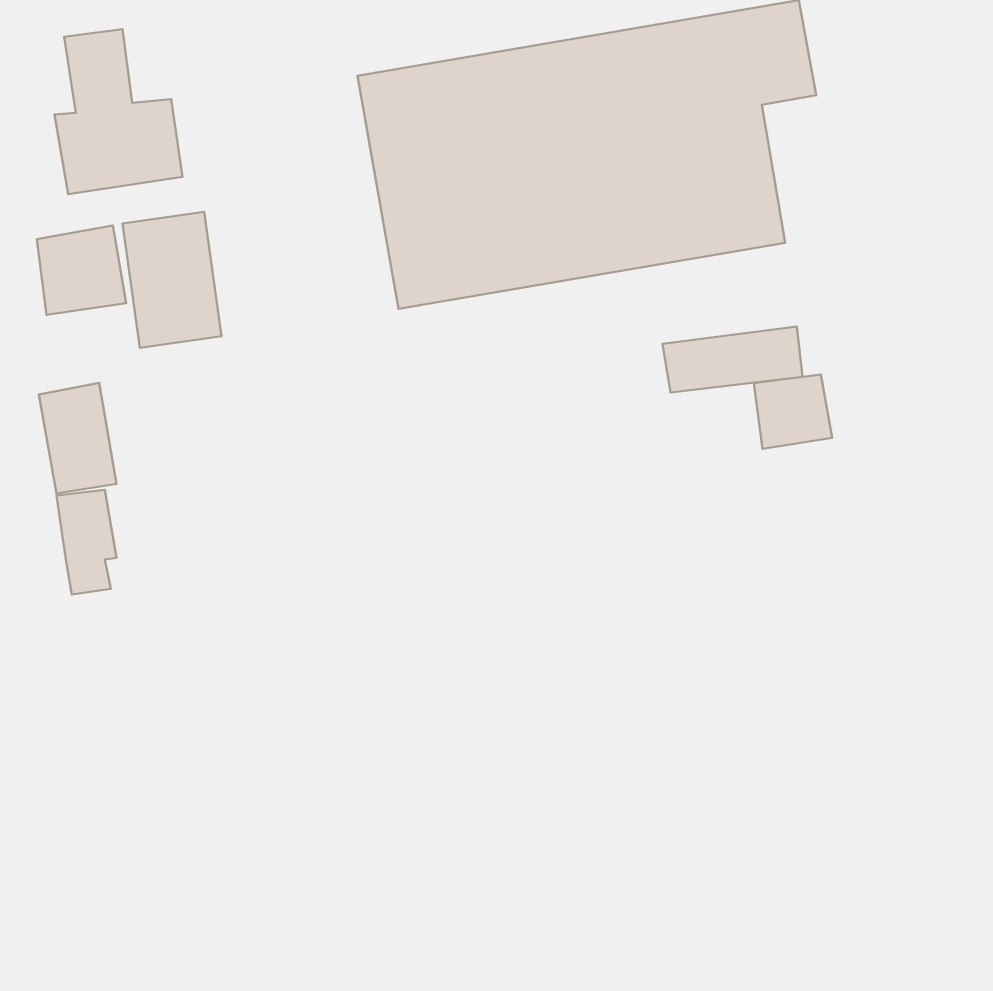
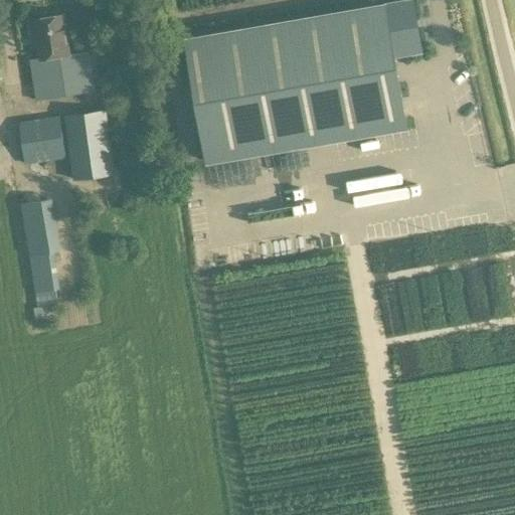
building: [754,375,832,449] -> none

